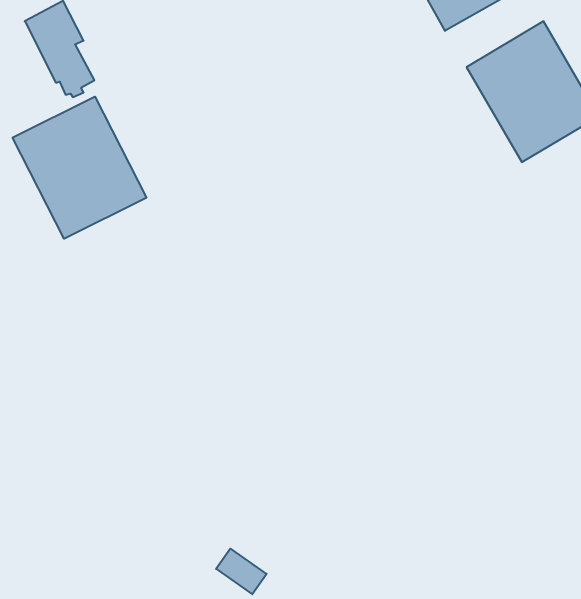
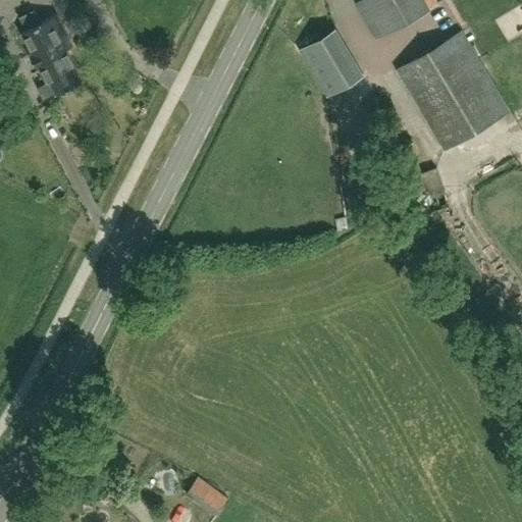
building: none -> [300,28,363,97]
building: [13,97,146,239] -> none

